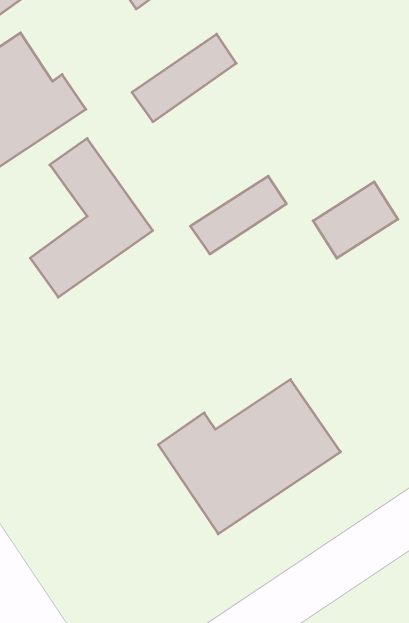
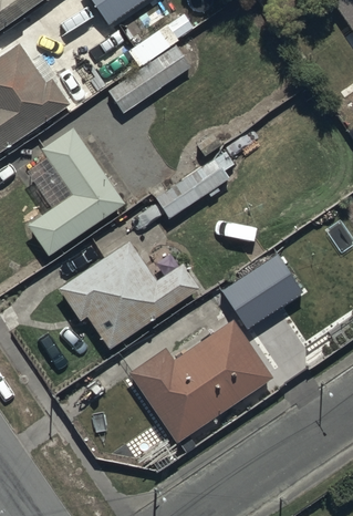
building: [313,182,398,258] -> [226,268,293,329]
building: none -> [58,238,199,351]

